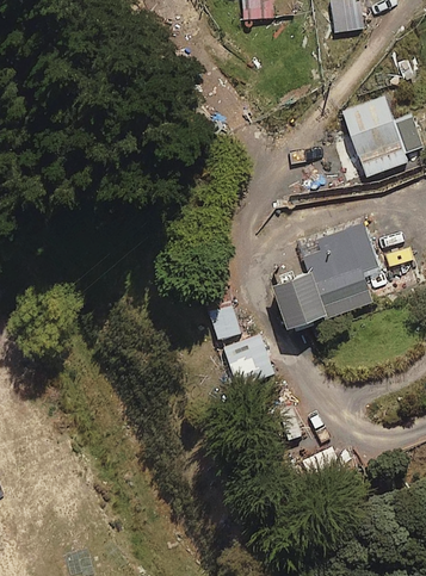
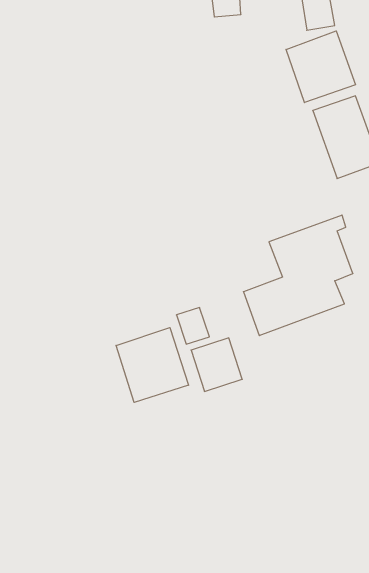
building: none -> [286,31,356,103]
building: none -> [116,328,189,402]

